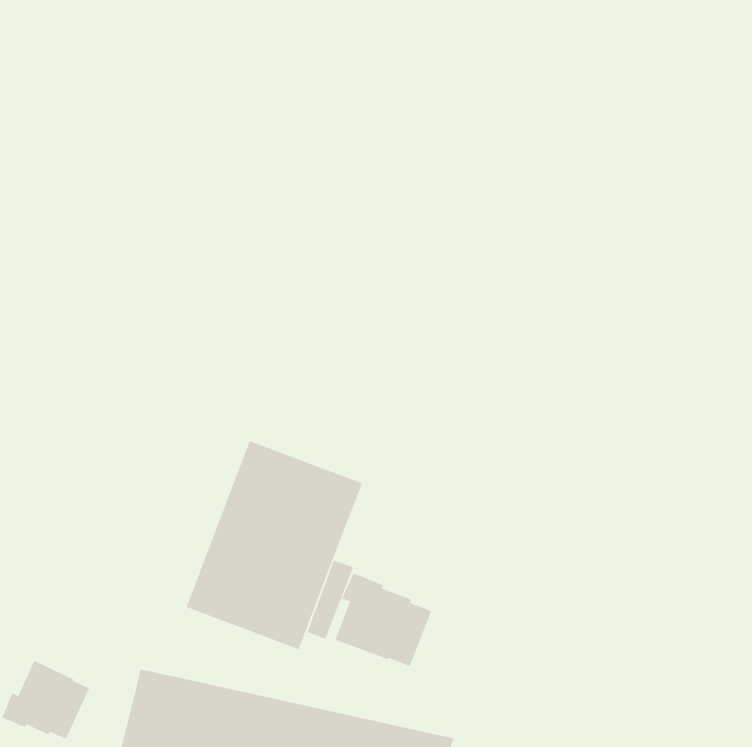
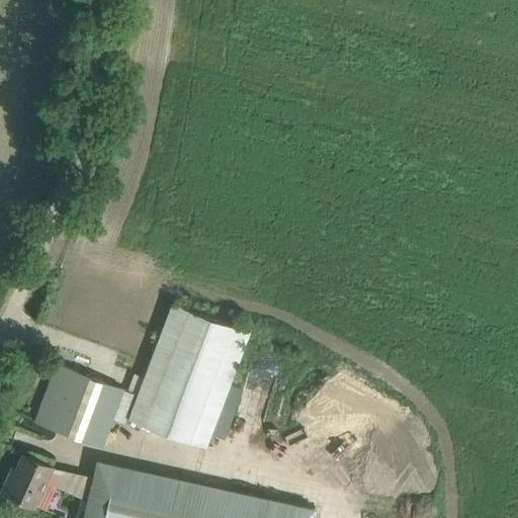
building: none -> [36,367,121,449]
building: [335,573,432,667] -> none

